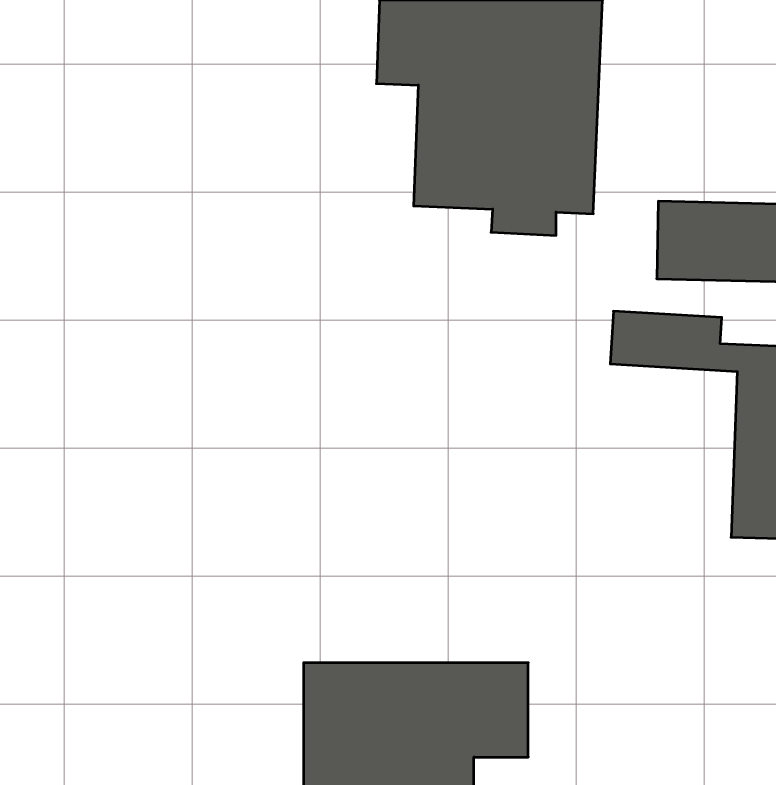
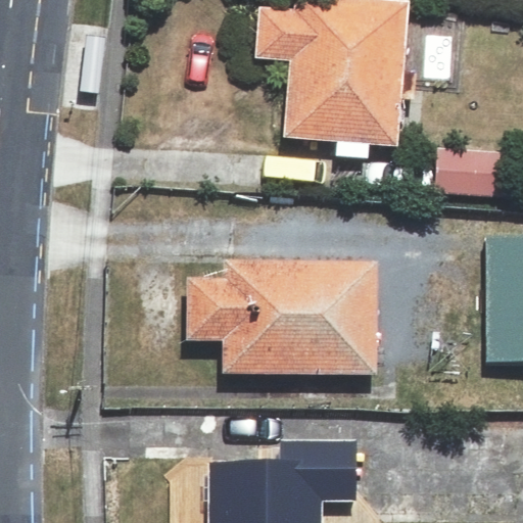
building: none -> [186,252,375,381]

